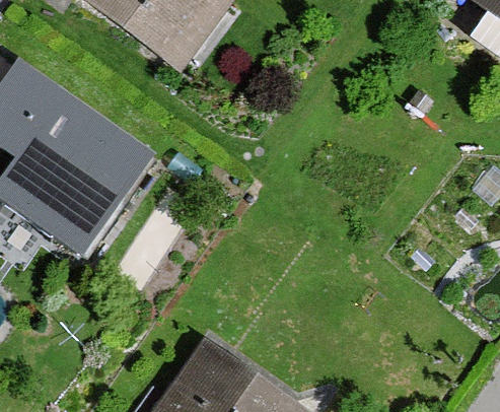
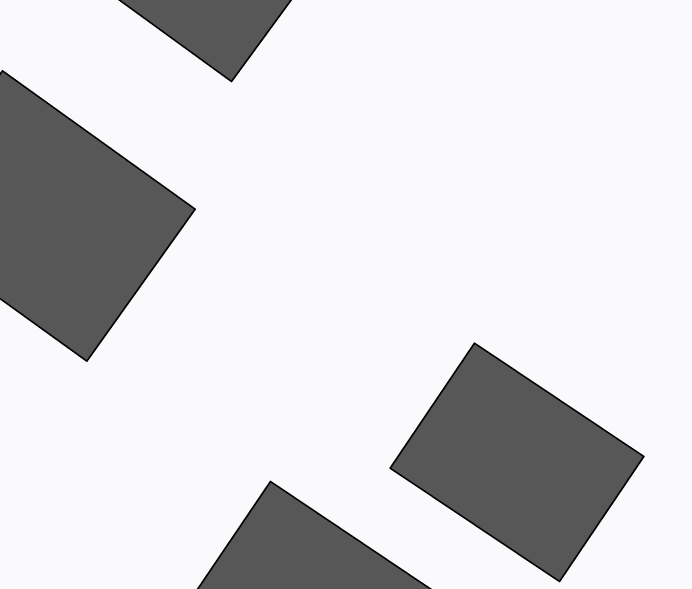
building: none -> [390,343,644,582]

